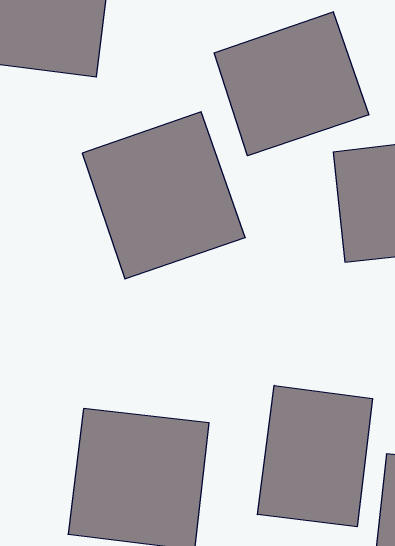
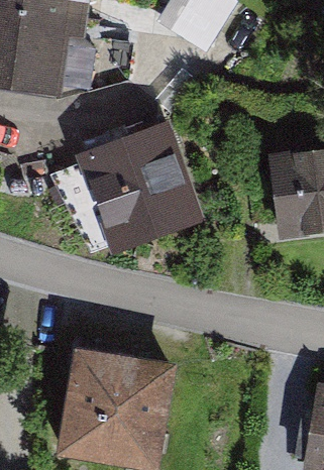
building: [214,12,369,156] -> none
building: [257,385,373,527] -> none

